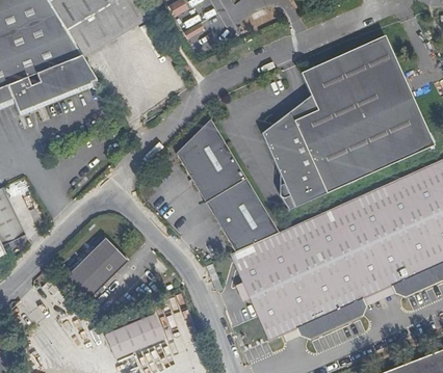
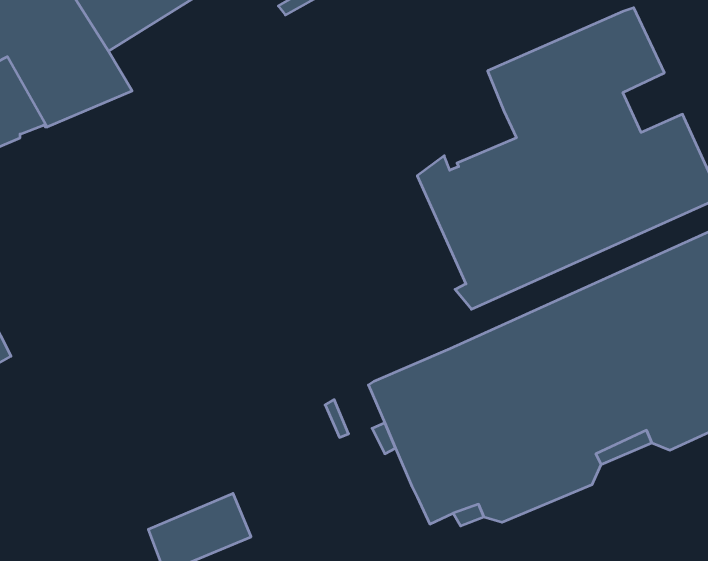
building: [380,73,414,107] -> none
building: [277,95,318,129] -> none
building: [177,118,280,250] -> none
building: [61,237,127,303] -> none

